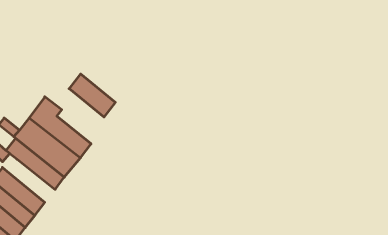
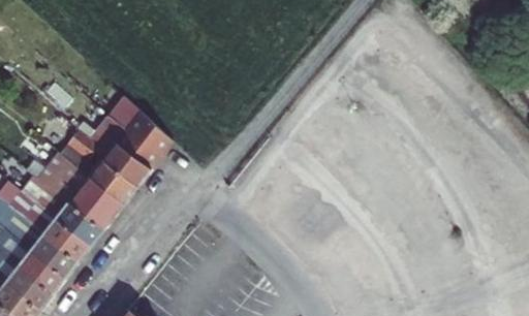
building: none -> [76,120,152,190]
building: none -> [29,210,90,264]

